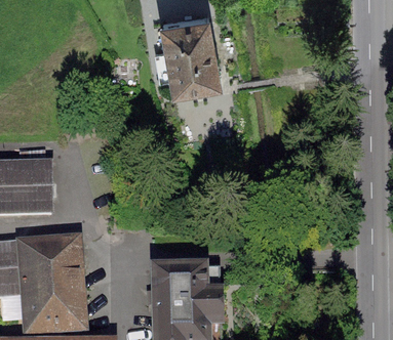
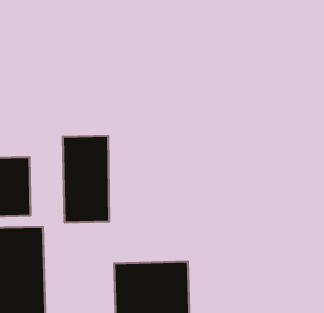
building: [160,10,221,100] -> none
building: none -> [63,136,109,222]

